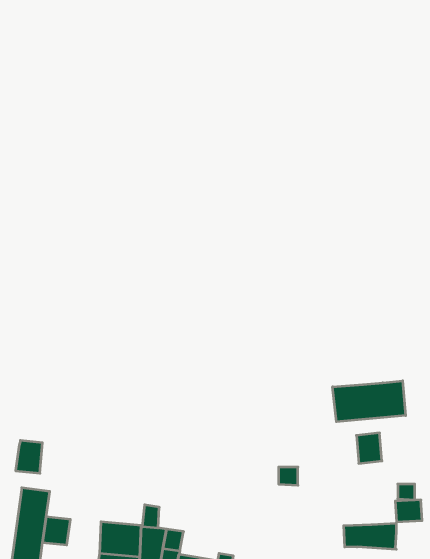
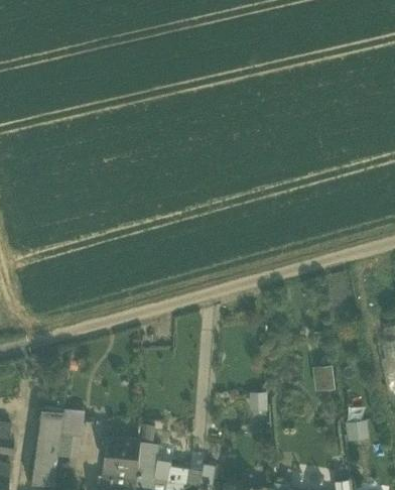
building: [333,381,406,422] -> none
building: [16,440,42,473] -> [59,410,82,438]
building: [344,523,396,549] -> none

